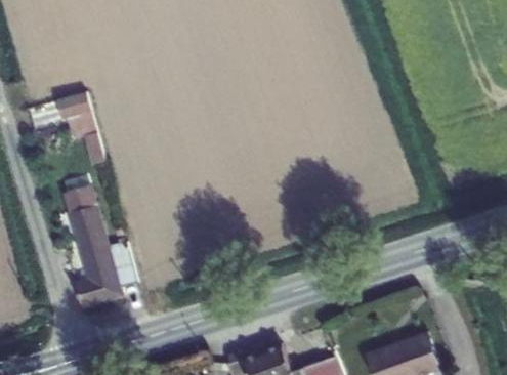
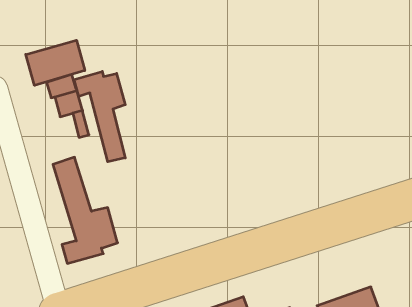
building: none -> [26,40,85,85]
building: none -> [74,71,125,162]

